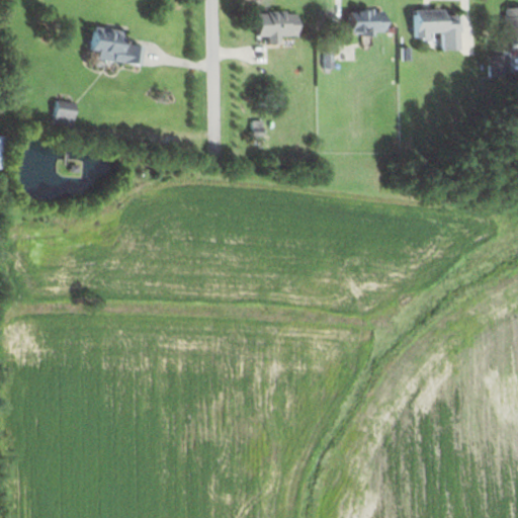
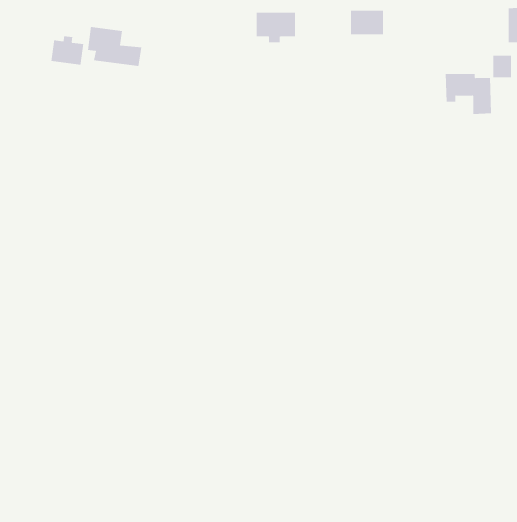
building: [416,10,462,51] -> [445,74,492,114]
building: none -> [51,35,84,65]
building: [56,100,78,126] -> none

